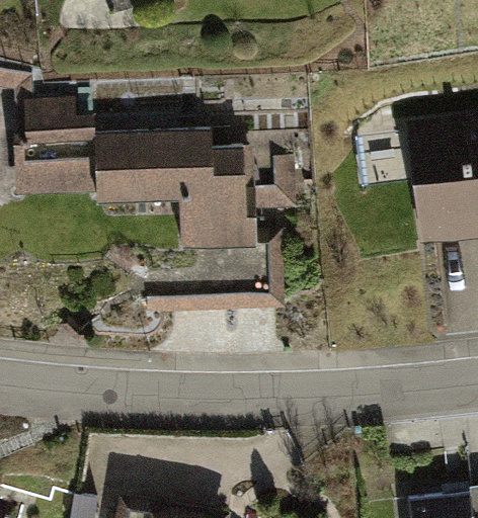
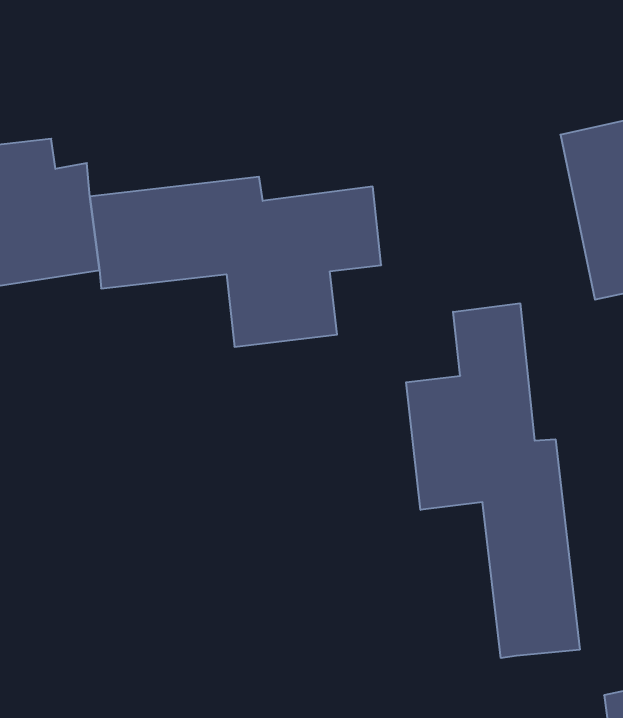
building: none -> [406,303,580,658]

